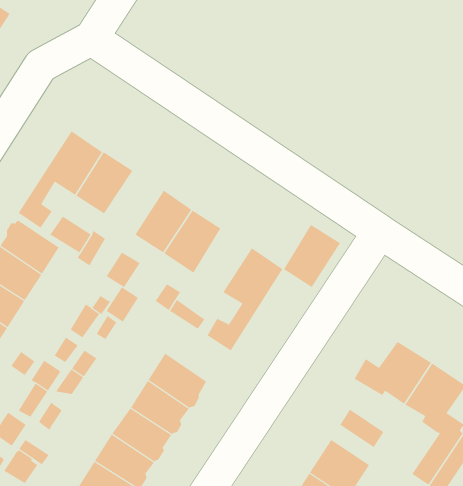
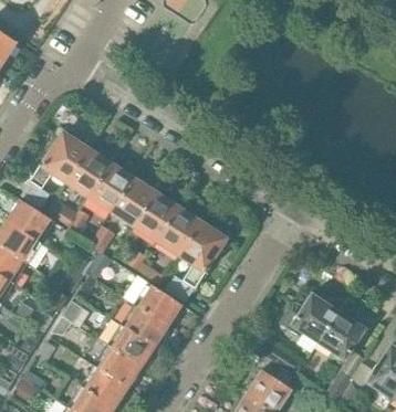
building: none -> [87,163,133,212]
building: [283,224,341,288] -> [156,208,200,256]
building: none -> [134,283,180,325]

